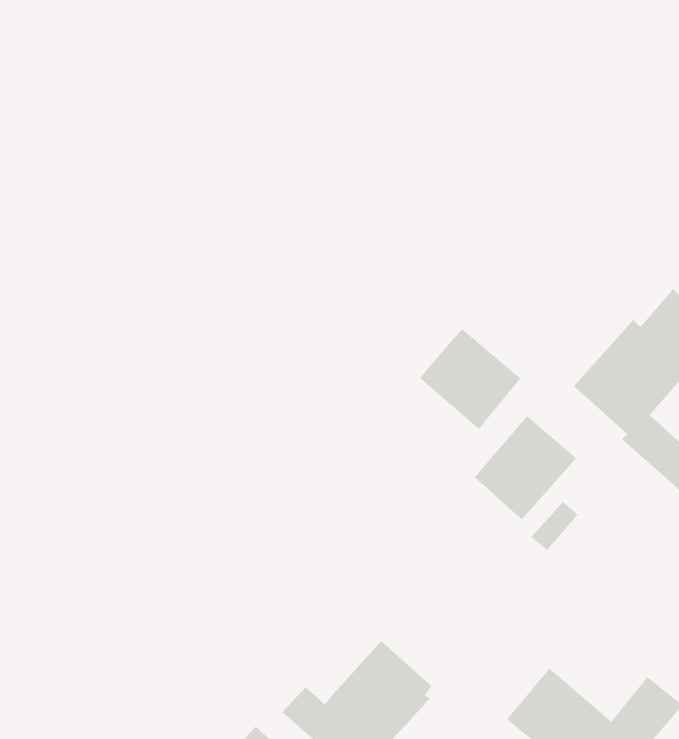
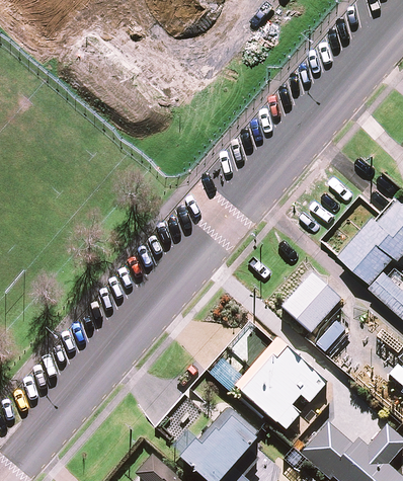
building: [419,328,521,430] -> none
building: none -> [229,323,329,431]

